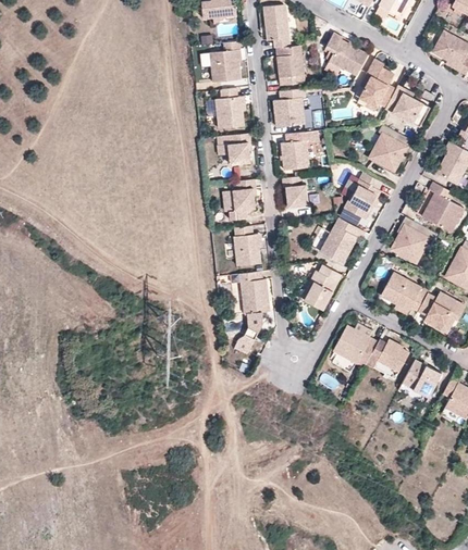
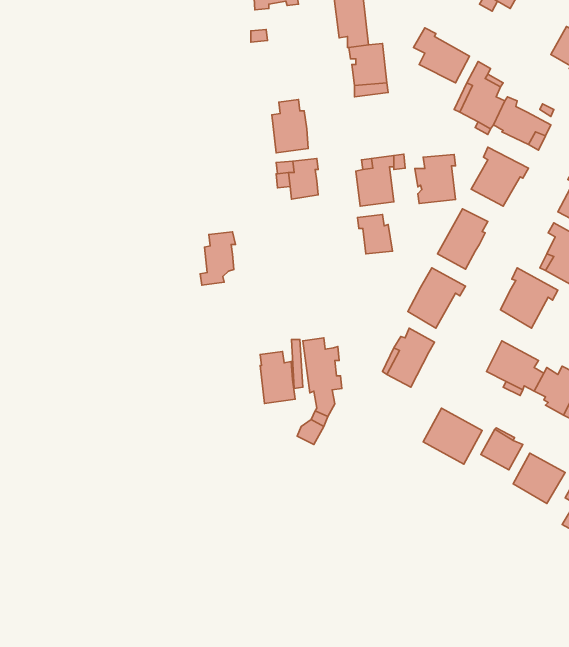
building: [209,40,241,82] -> none
building: [272,88,304,126] -> [415,154,456,204]
building: [229,178,256,220] -> [200,232,235,285]
building: [233,226,260,266] -> [260,352,295,404]

